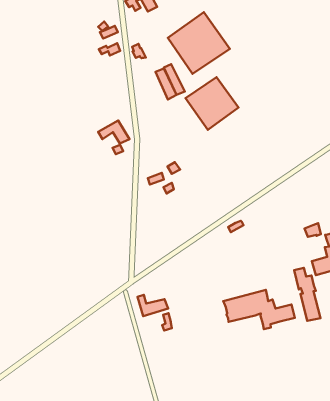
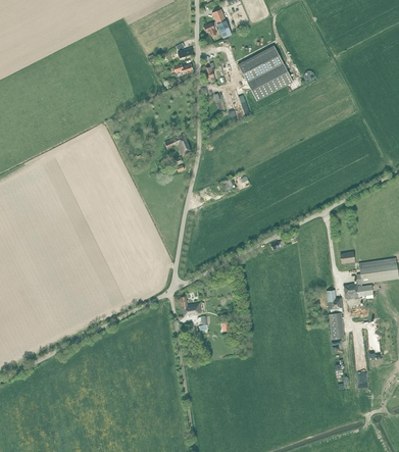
building: [186,77,238,130] -> none
building: [223,290,295,329] -> none

